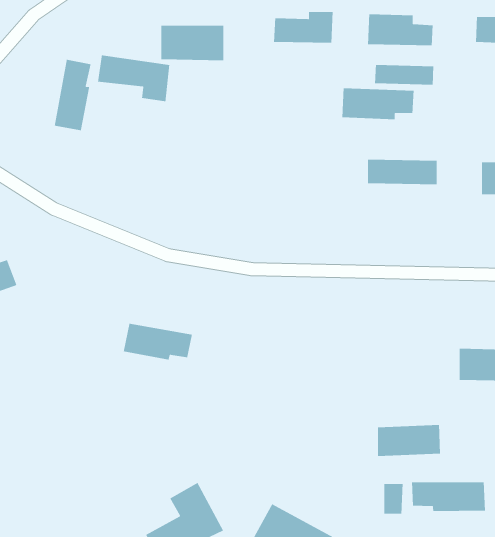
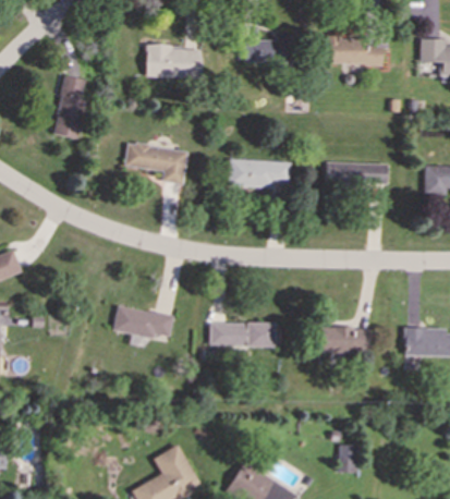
building: [97,55,170,102] -> [124,143,187,184]
building: [374,64,434,85] -> none
building: [342,88,414,120] -> [228,160,291,188]
building: none -> [210,322,276,348]
building: [377,424,441,457] -> [316,327,372,355]
building: [411,482,486,512] -> none

